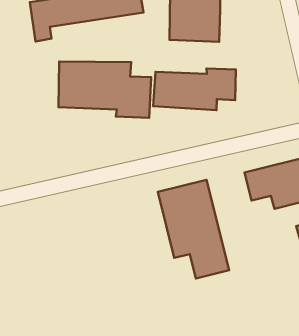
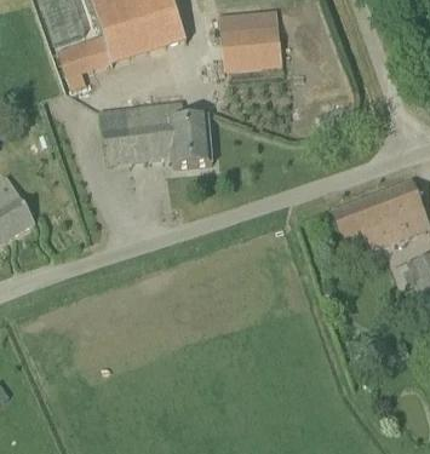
building: [153,68,236,110] -> none
building: [158,180,229,278] -> none

